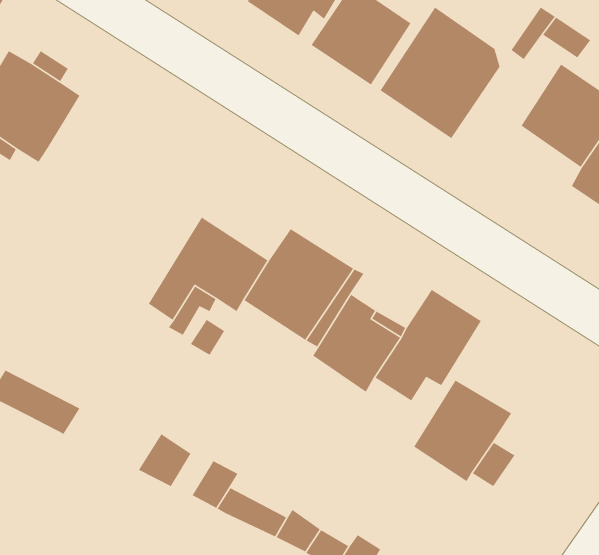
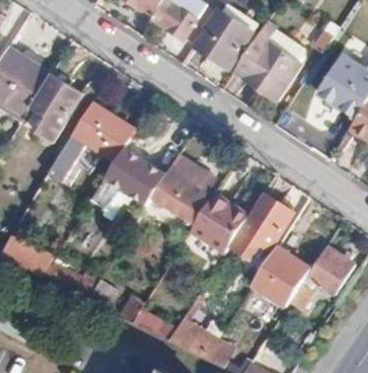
building: none -> [32,74,83,142]
building: none -> [50,100,137,178]
building: none -> [307,245,355,295]
building: none -> [42,260,101,300]

